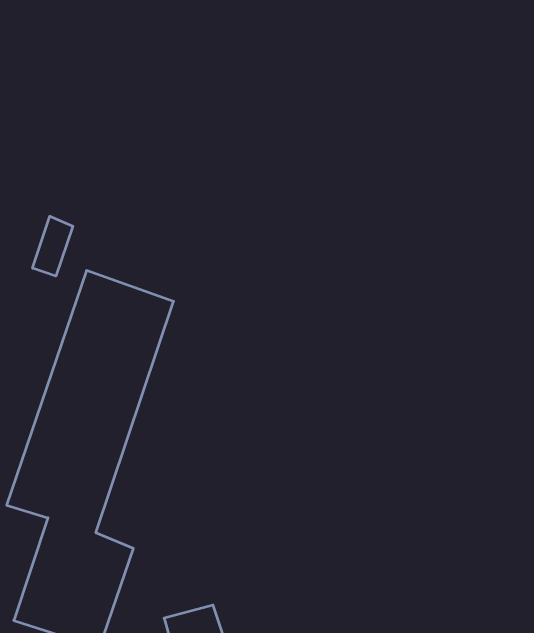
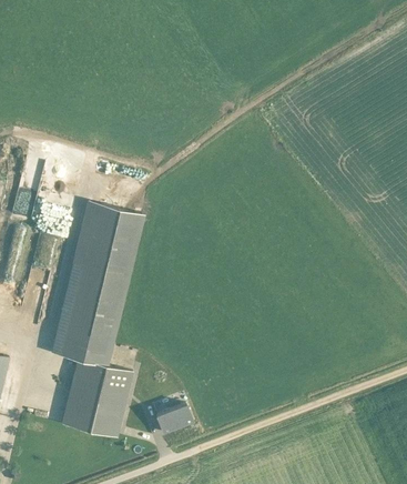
building: [33,216,73,276] -> none

